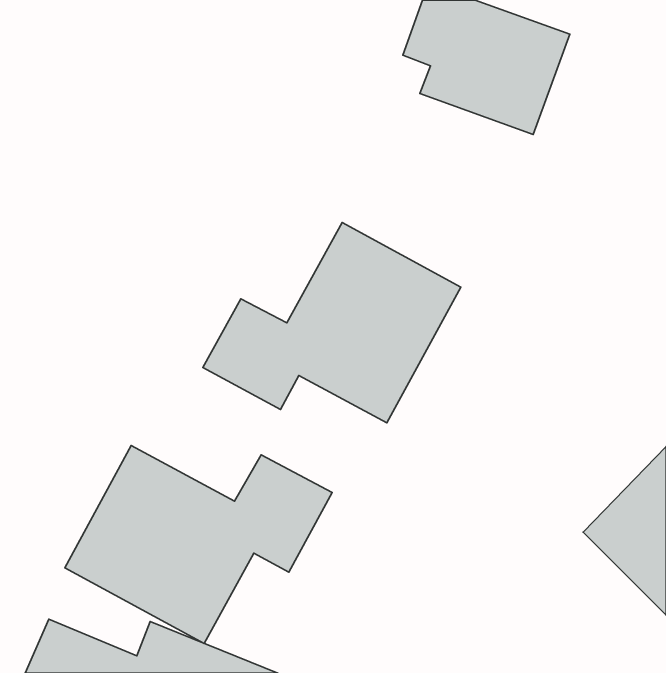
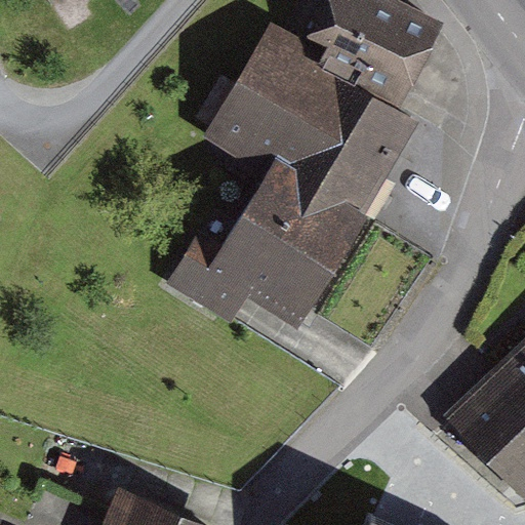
building: none -> [208,41,414,224]
building: [65,446,332,643] -> none

